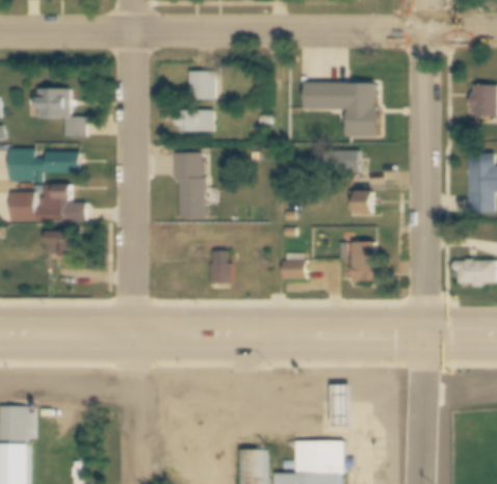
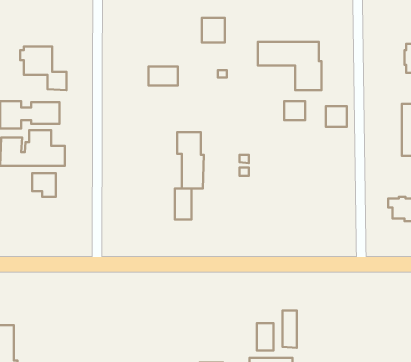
building: [189,72,215,100] -> [202,18,225,42]
building: [175,154,205,218] -> [177,132,204,189]
building: [347,189,371,213] -> [326,106,347,127]
building: [352,243,375,281] -> none
building: [284,259,306,279] -> none
building: none -> [257,323,274,351]

